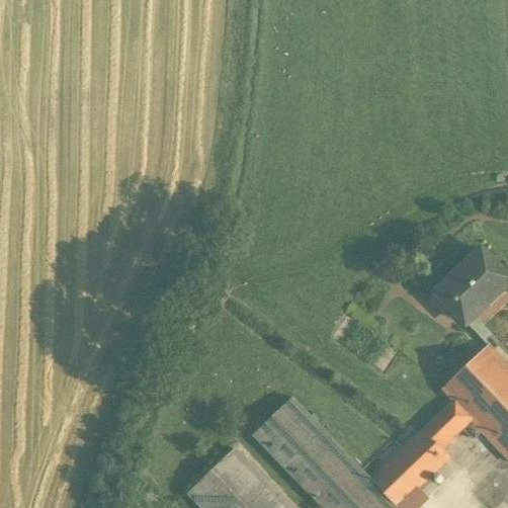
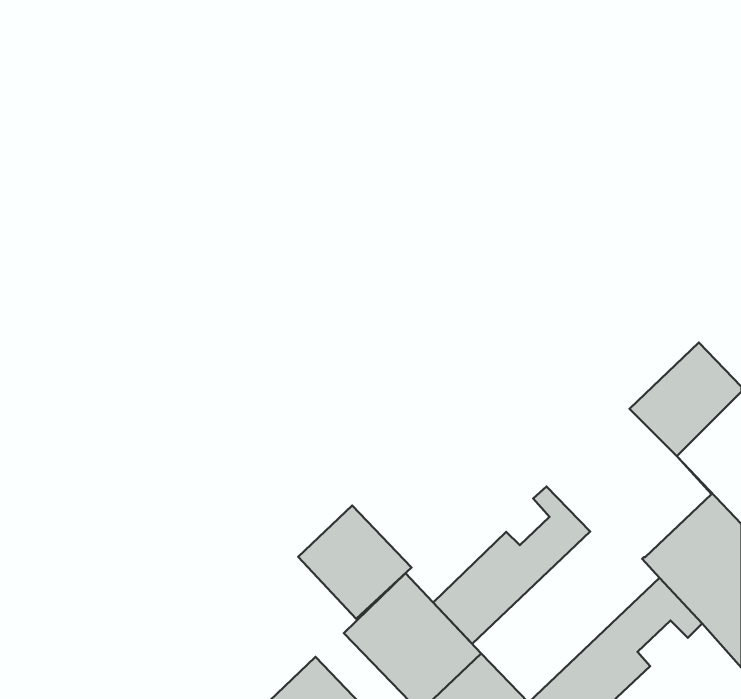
building: none -> [433,487,590,644]
building: none -> [298,506,411,619]

